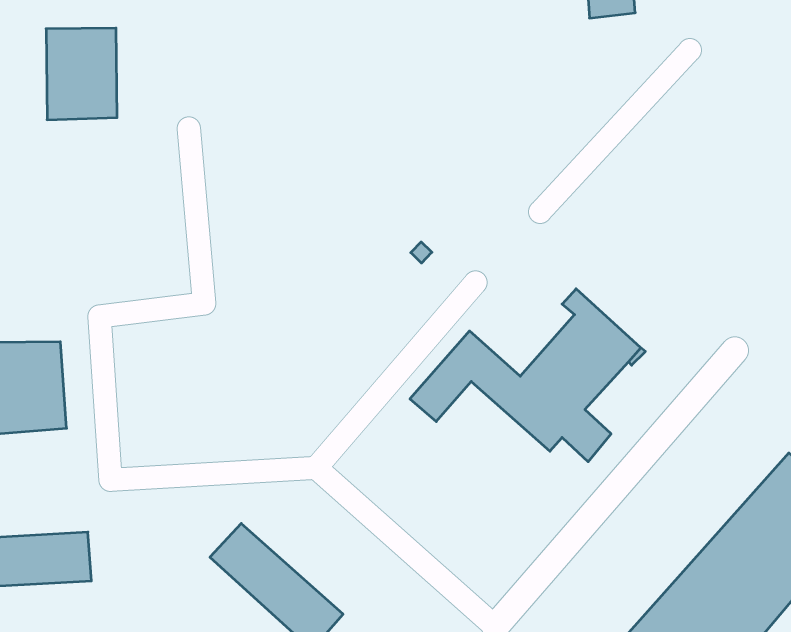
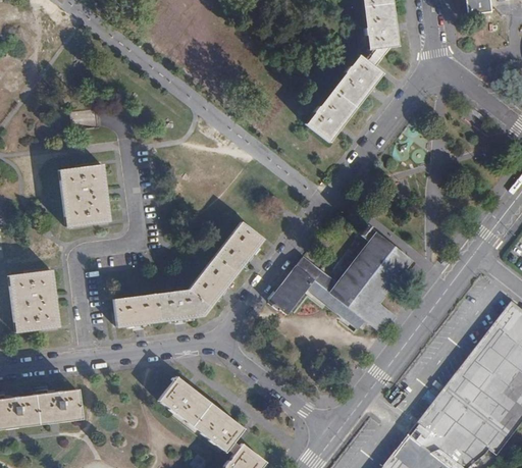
building: none -> [308,54,385,139]
building: [46,28,117,120] -> [60,166,108,226]
building: none -> [110,225,260,326]

